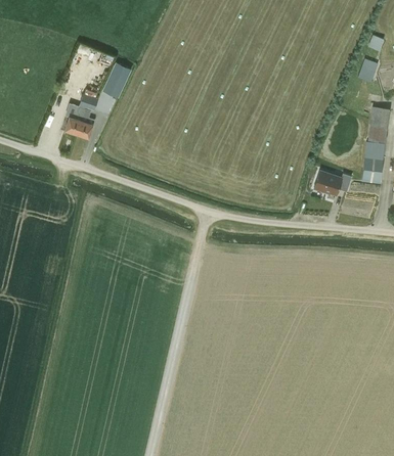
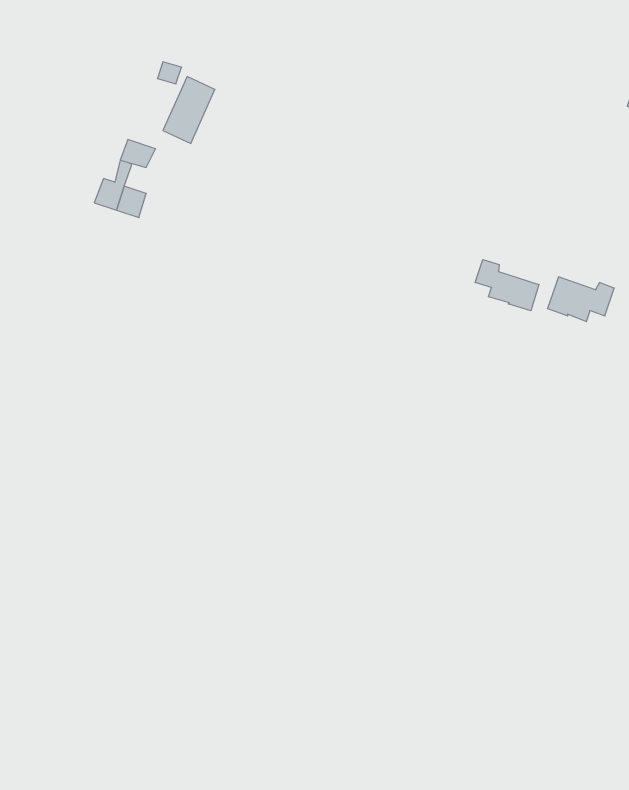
building: none -> [475,260,539,311]

